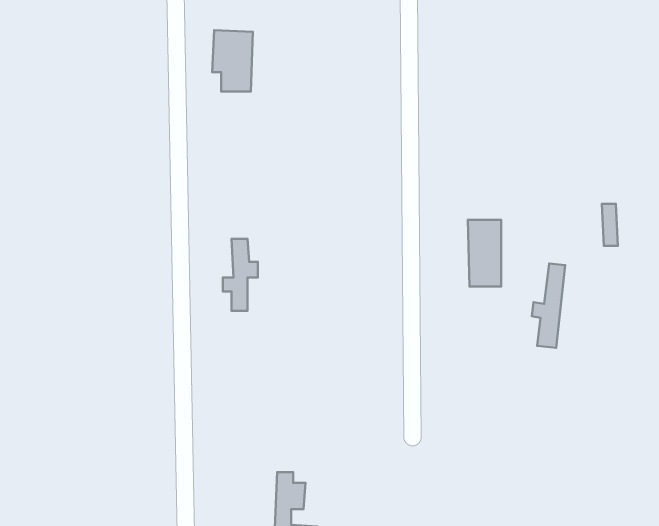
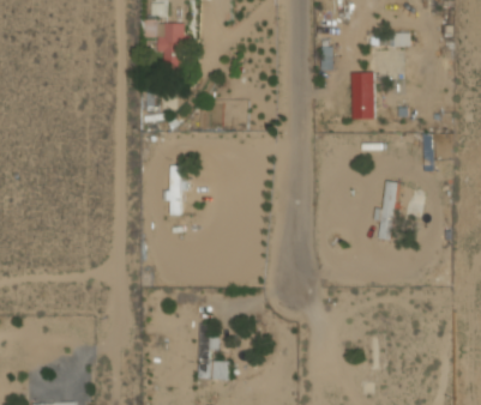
building: [468,220,501,286] -> [351,73,374,119]

